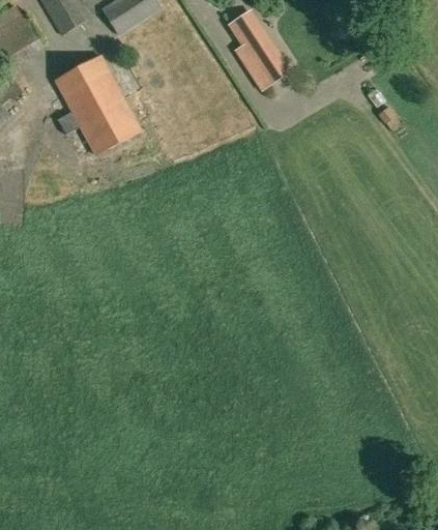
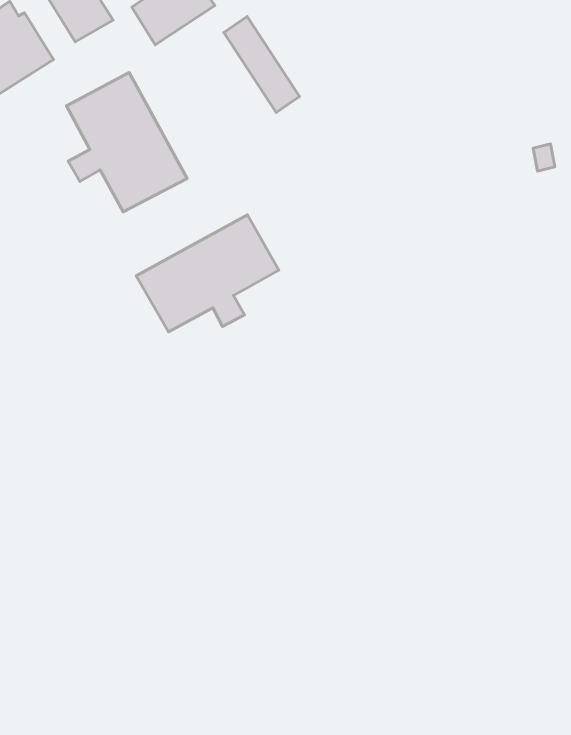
building: [228,11,282,80] -> [224,17,299,112]
building: none -> [136,215,279,332]

